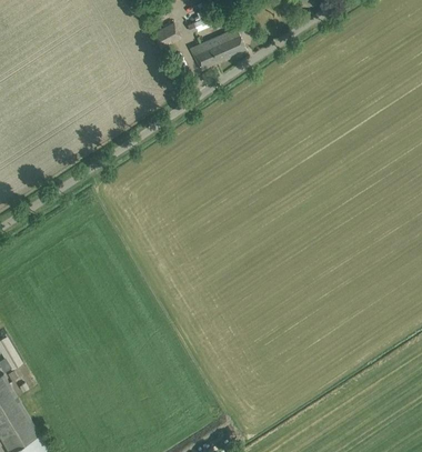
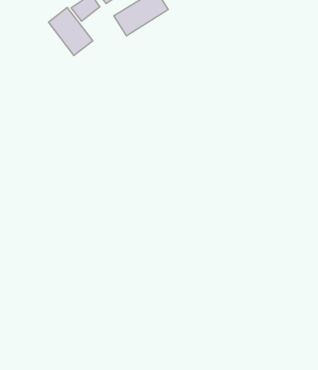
building: none -> [48,8,93,55]

